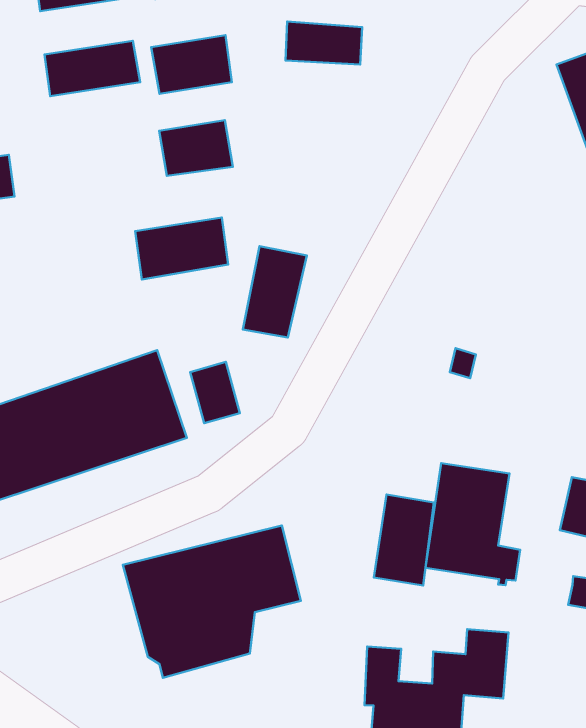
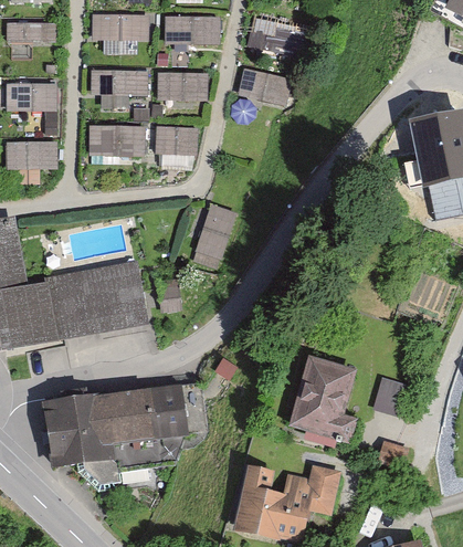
building: [135,218,228,280] -> [88,126,144,158]
building: [374,495,434,586] -> none
building: none -> [40,390,114,488]

